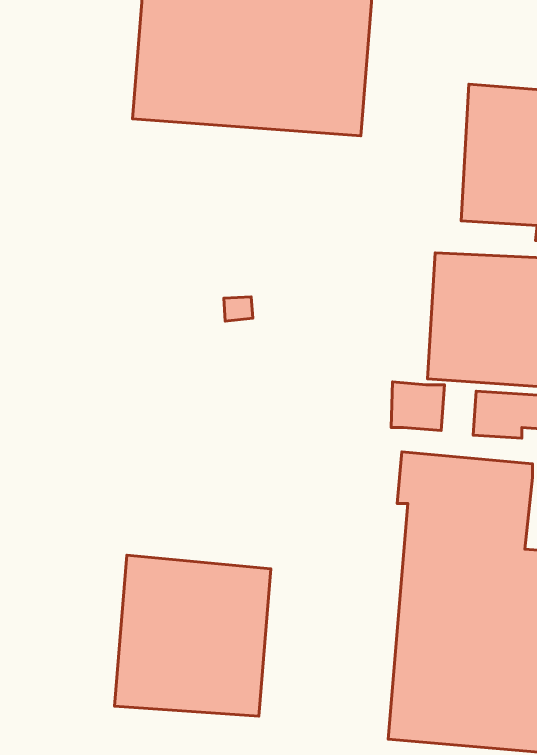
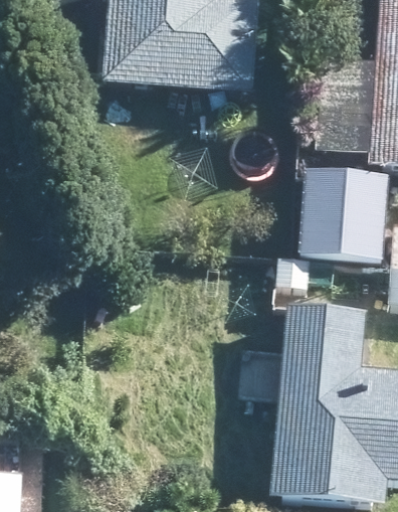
building: [114,555,271,716] -> none

